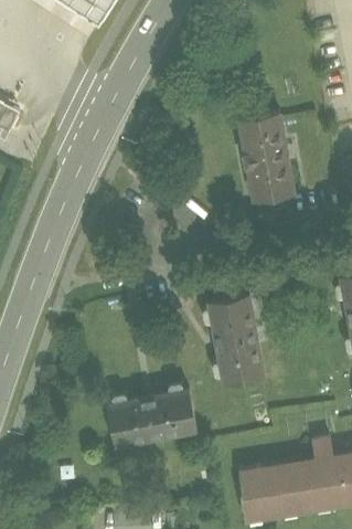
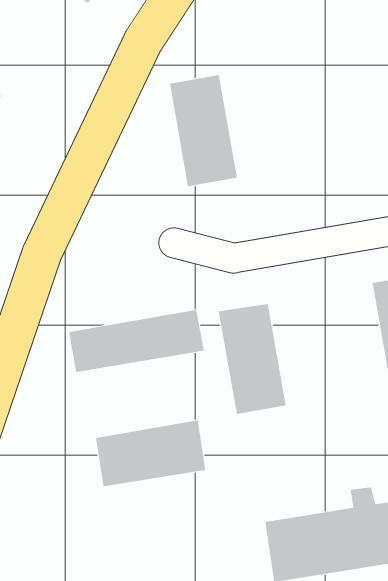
building: [236,105,295,201] -> [169,74,238,187]
building: none -> [68,309,204,373]

